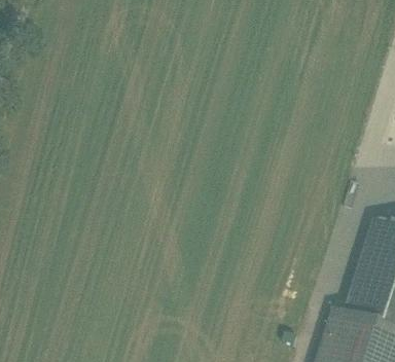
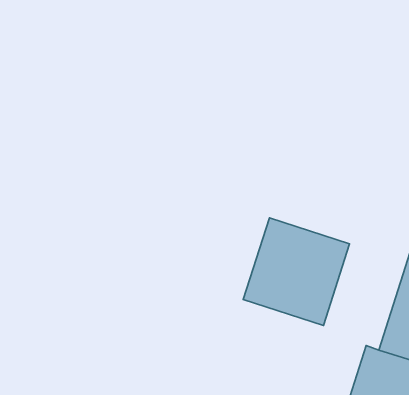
building: none -> [243,218,350,326]

